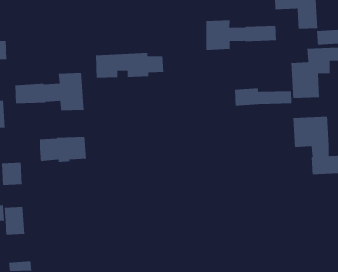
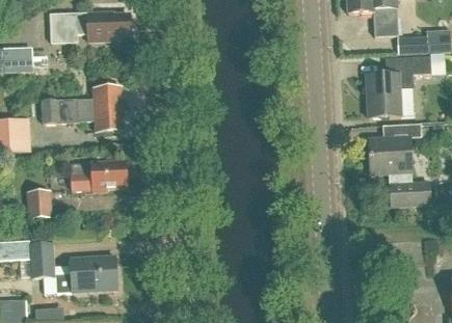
building: [206,19,277,51] -> none
building: [95,52,164,79] -> [50,10,131,42]
building: [234,87,292,107] -> none
building: none -> [55,255,117,292]

